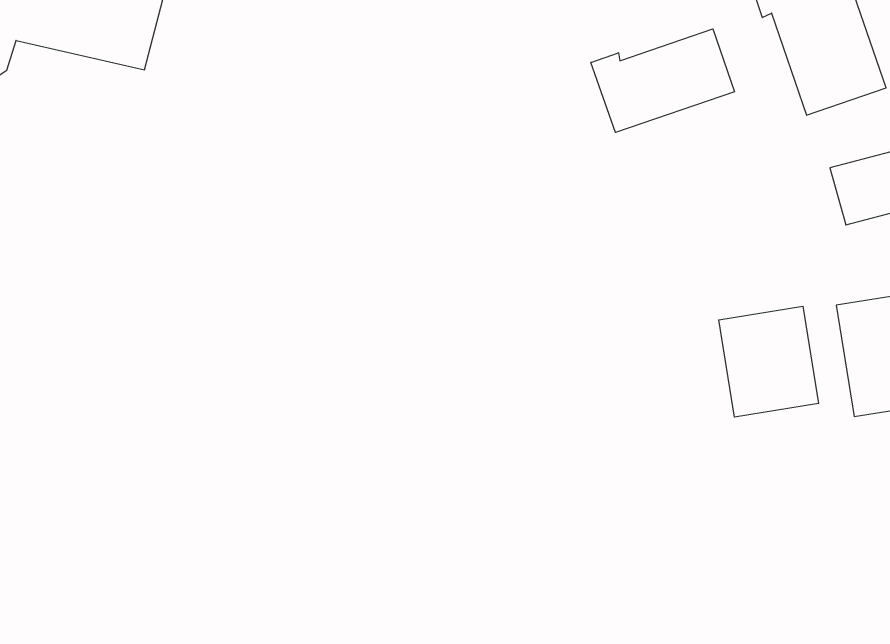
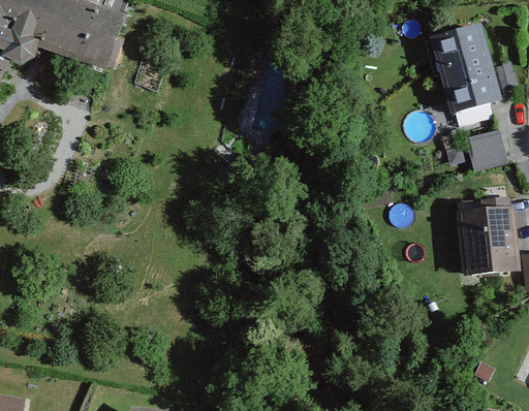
building: [591,29,734,132] -> none
building: [719,306,819,417] -> none

